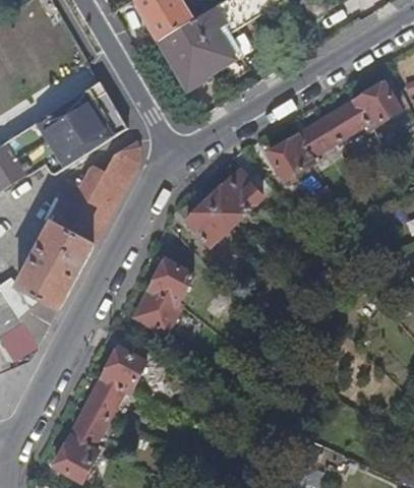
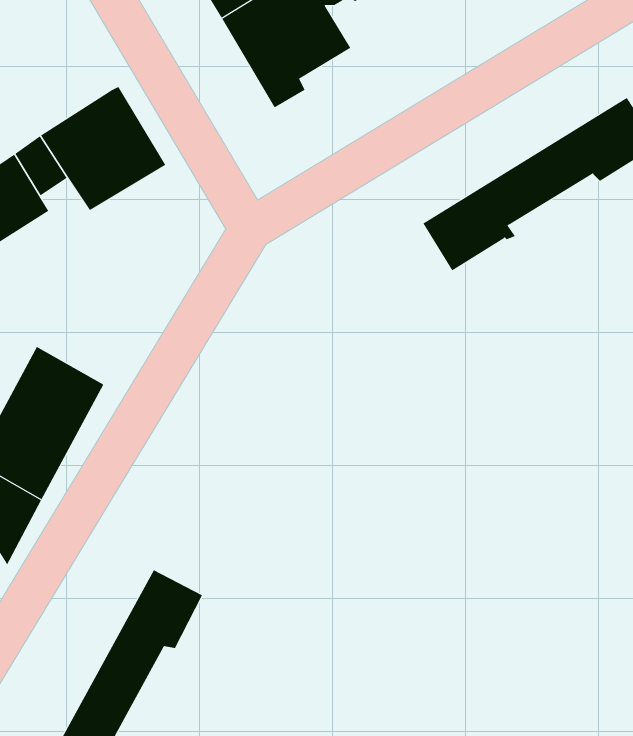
building: [48,139,138,244] -> none
building: [188,173,262,245] -> none
building: [136,259,193,332] -> none

